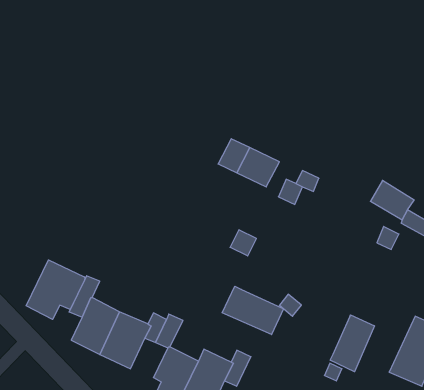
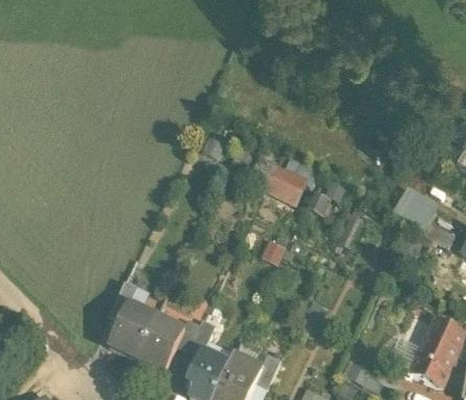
building: [26,260,85,319] -> none
building: [222,286,284,335] -> none
building: [330,315,374,372] -> none

